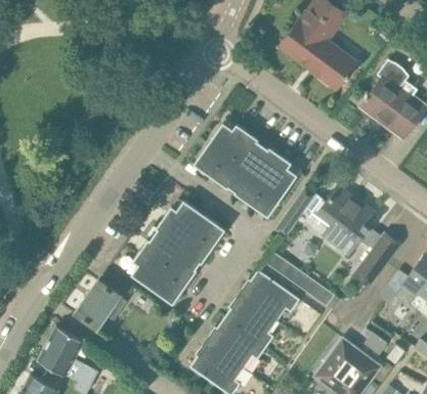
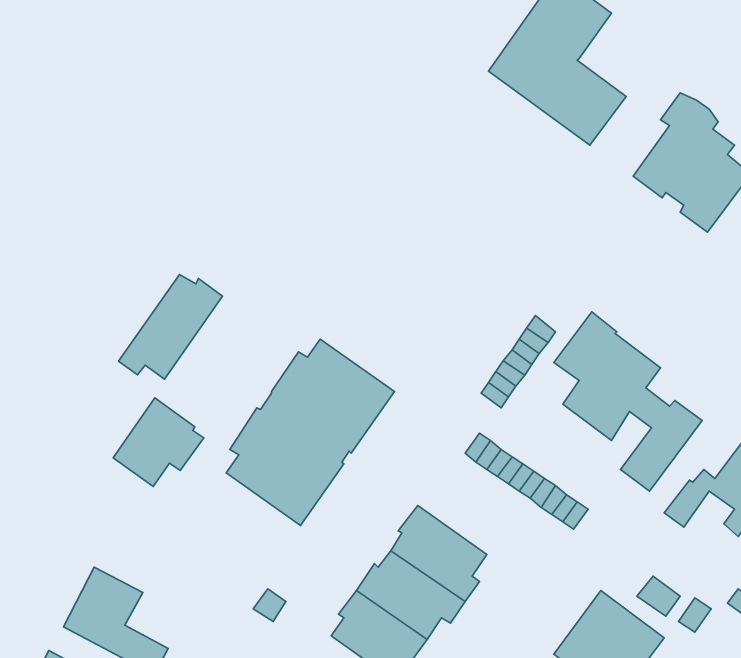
building: [193,123,297,217] -> none
building: none -> [118,274,222,379]
building: [239,270,300,321] -> none
building: [75,280,126,331] -> [113,398,204,487]

